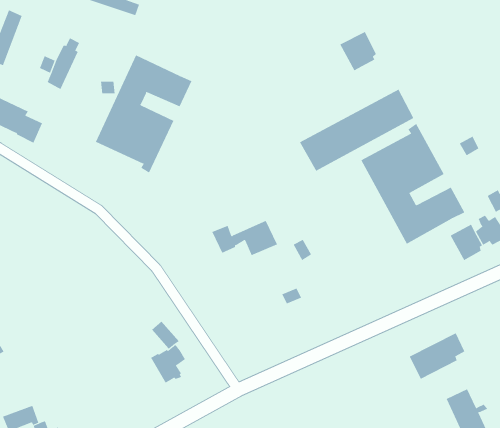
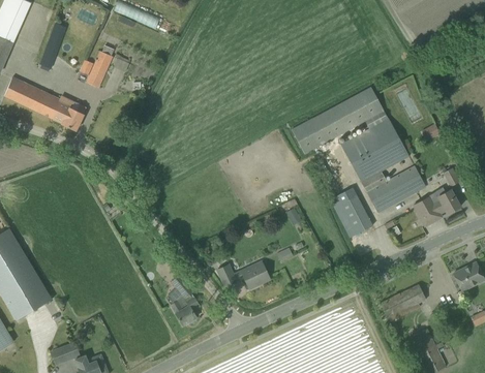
building: [340,31,377,71] -> none
building: [95,55,192,174] -> none
building: [211,220,278,256] -> [216,260,270,289]
building: none -> [334,196,371,238]

